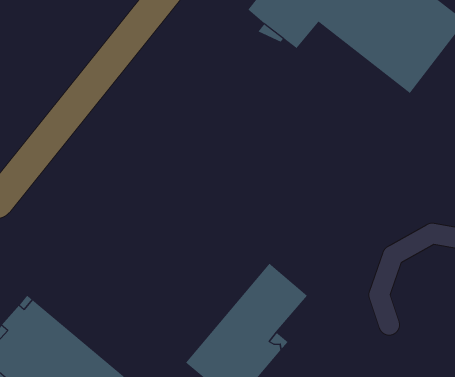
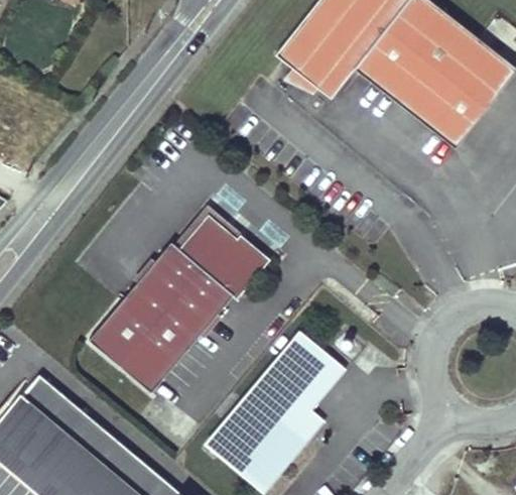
building: none -> [89,213,270,392]

